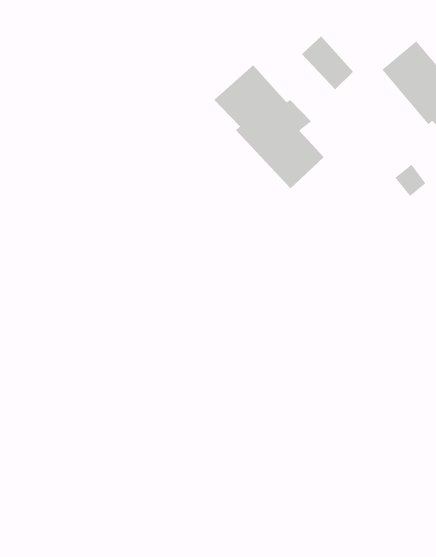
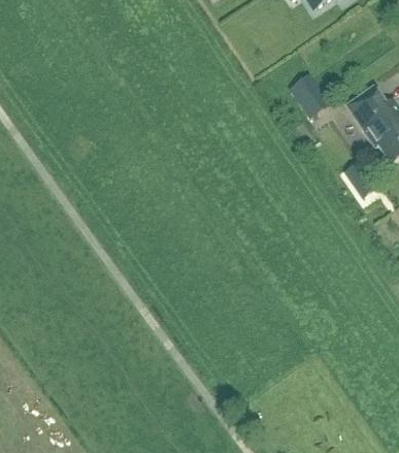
building: [214,65,324,189] -> none

